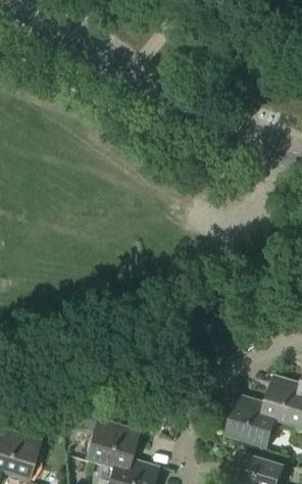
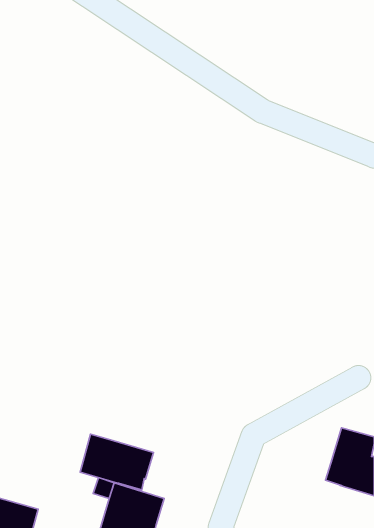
building: none -> [80,434,153,490]
building: [226,395,275,449] -> none

